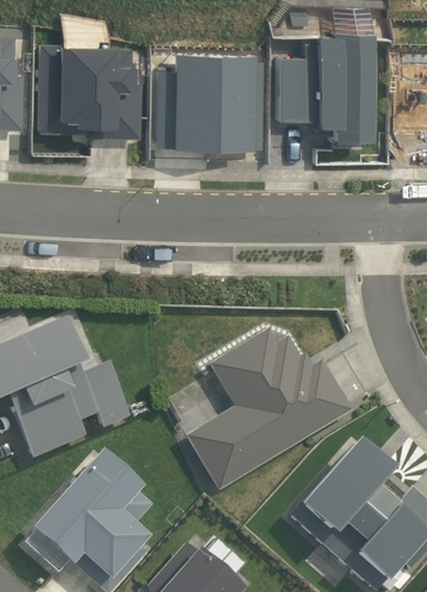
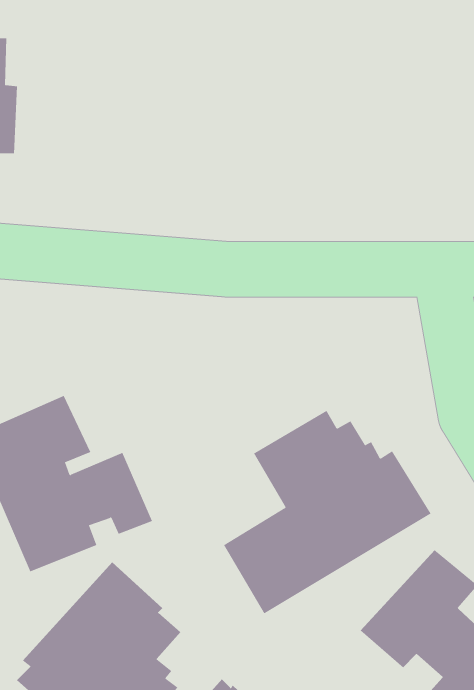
building: [280,30,372,137] -> none
building: [41,43,144,137] -> none
building: [172,45,254,142] -> none

